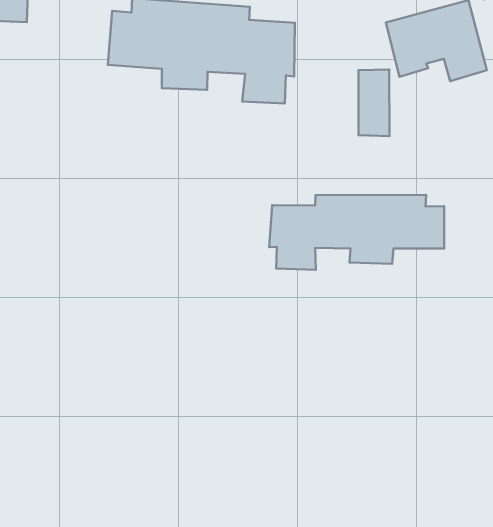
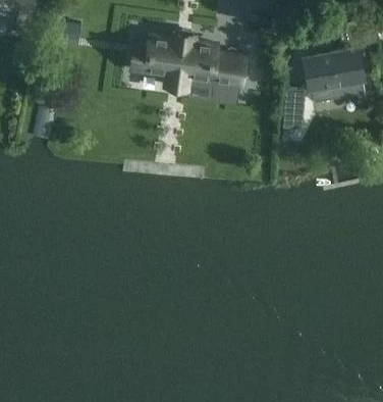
building: [269,195,444,270] -> none

